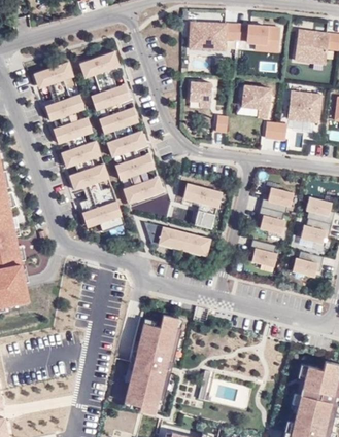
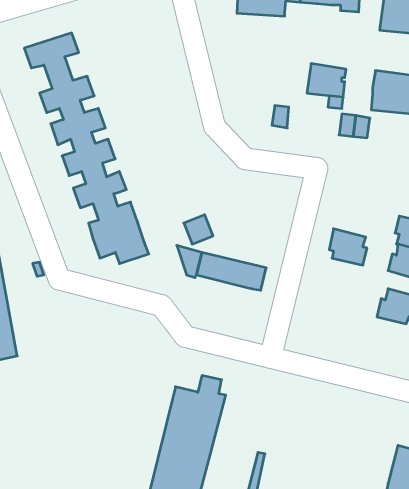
building: [79,52,164,205] -> none
building: [190,82,223,102] -> none
building: [187,182,225,226] -> none
building: [261,188,294,213] -> none
building: [249,240,277,266] -> none

